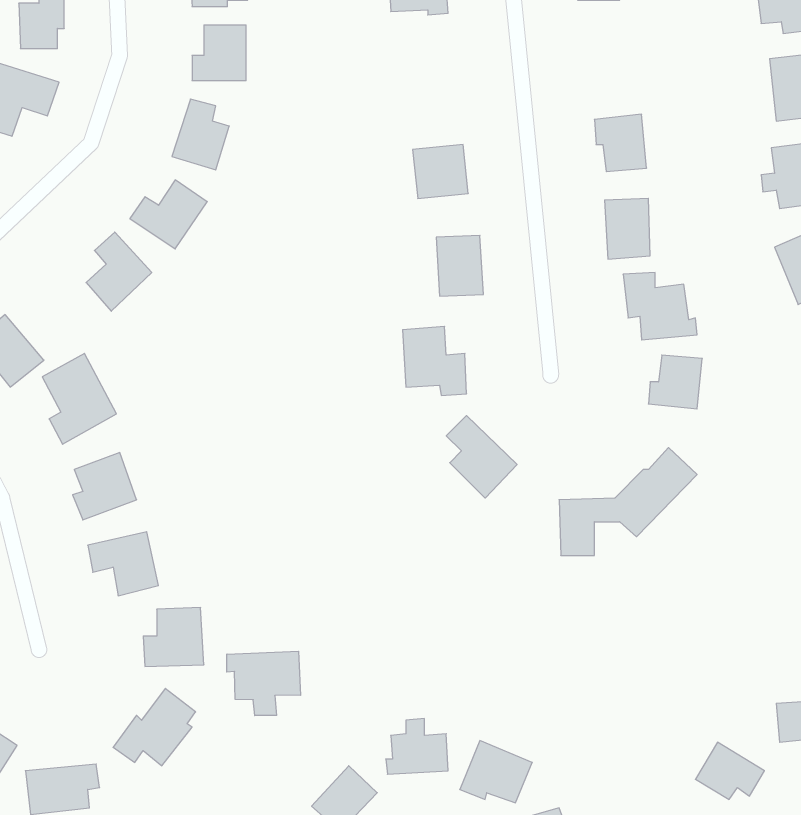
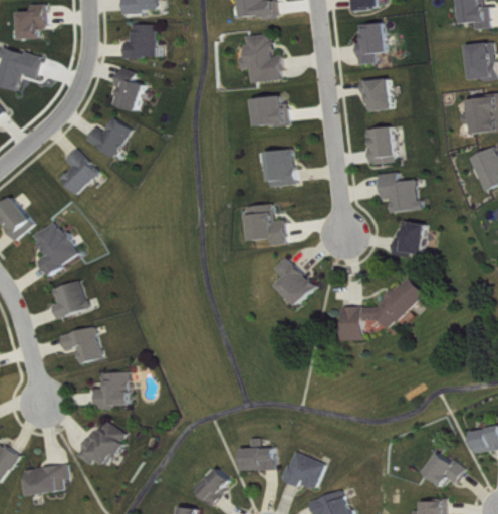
building: none -> [354,22,386,64]
building: none -> [240,33,282,82]
building: [227,651,301,716] -> none

